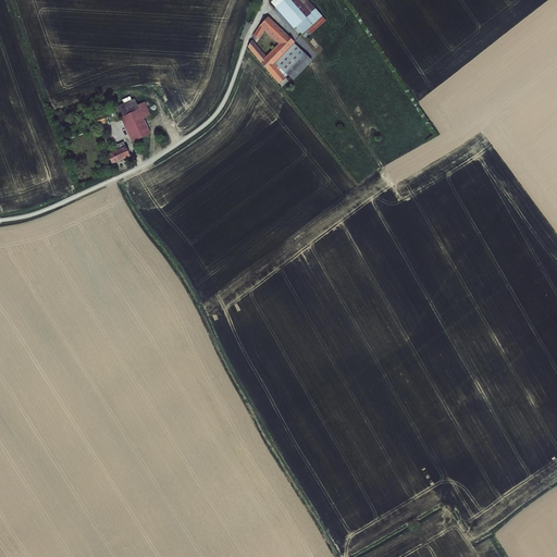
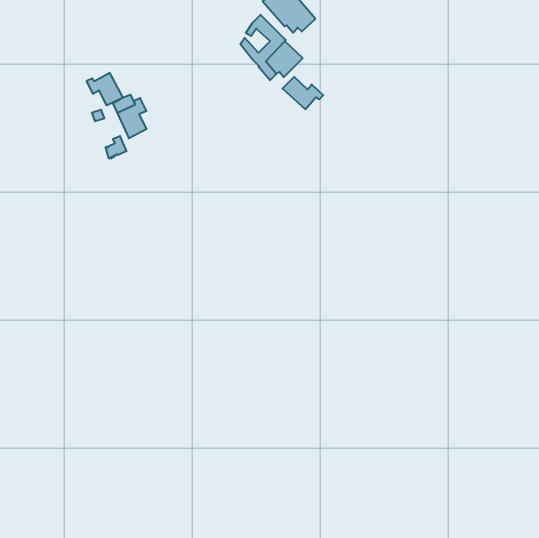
building: none -> [87,73,123,105]
building: none -> [282,77,323,109]

